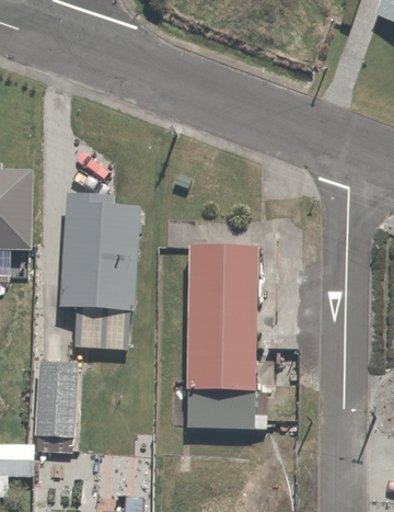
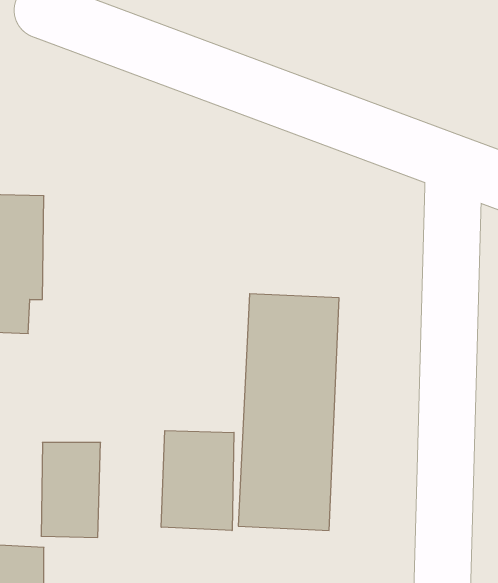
building: [60,191,142,352] -> none
building: none -> [161,431,234,531]

